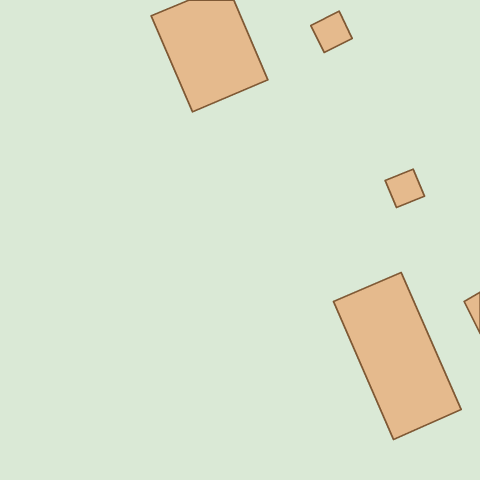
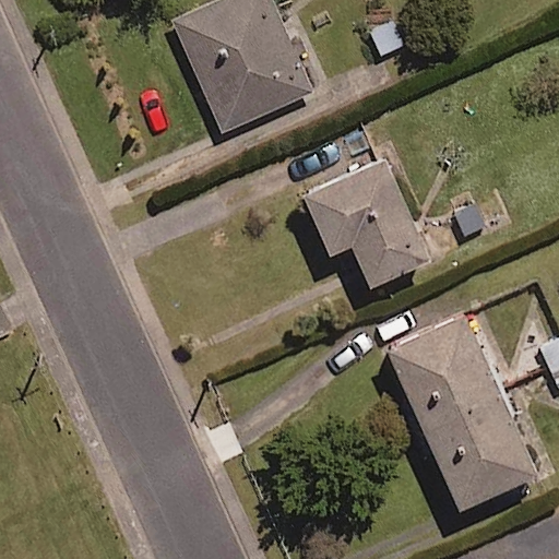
building: none -> [306,160,430,287]

